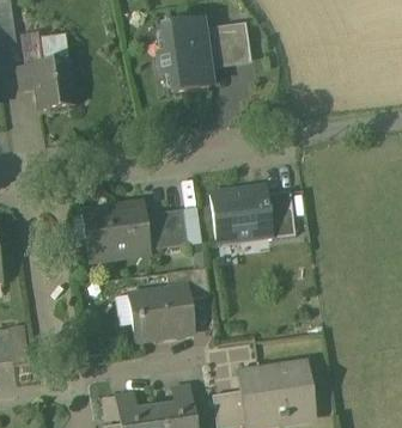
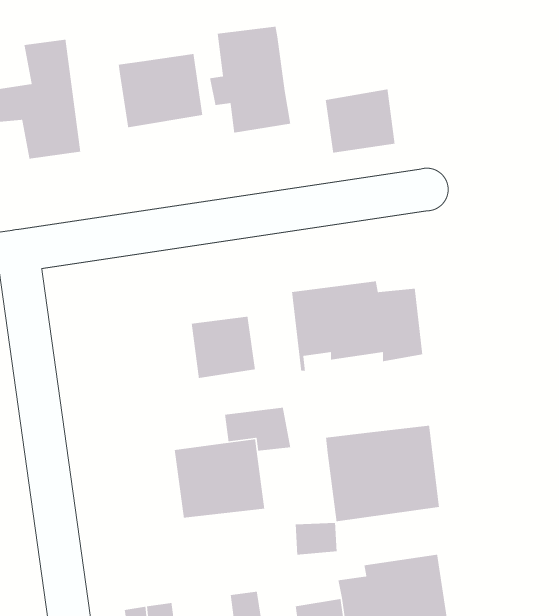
building: [202,22,248,63] -> [325,88,396,154]
building: none -> [118,53,203,128]
building: [87,202,151,253] -> none
building: none -> [325,425,440,522]

